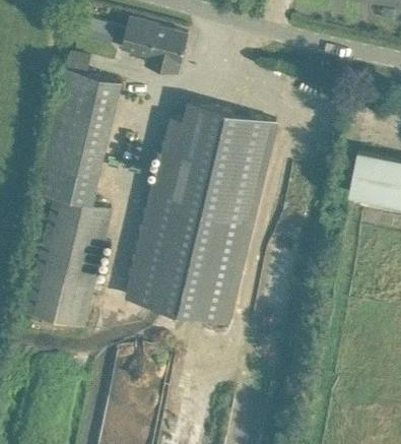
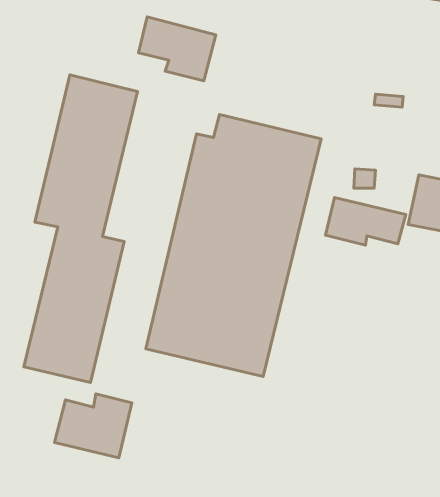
building: none -> [326,197,406,245]
building: none -> [54,394,132,458]

